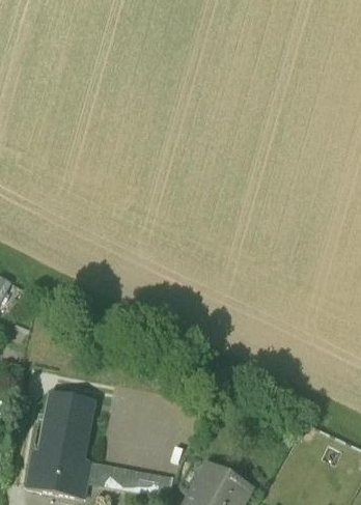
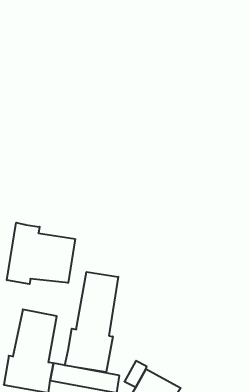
building: none -> [7,223,75,284]
building: none -> [65,272,118,372]

